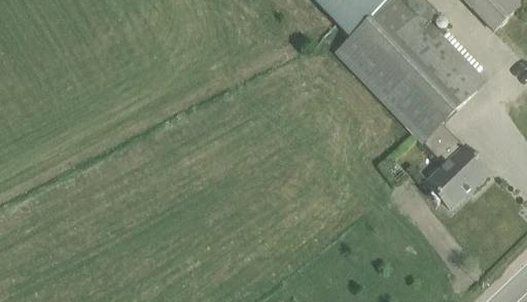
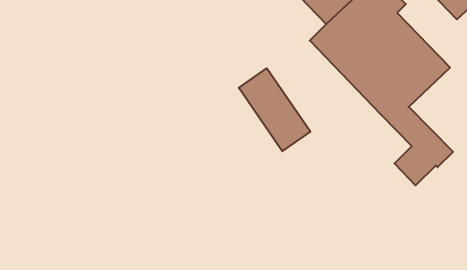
building: none -> [239,68,310,151]

